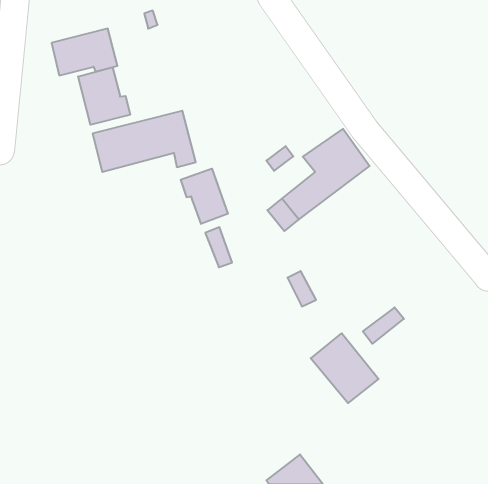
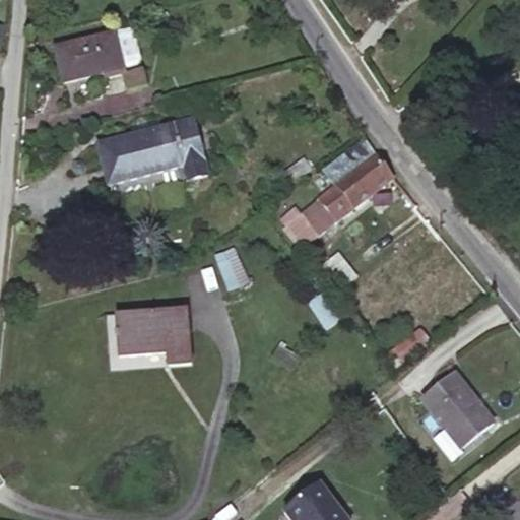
building: [78,67,130,125] -> none
building: [181,169,228,224] -> none
building: none -> [116,313,191,366]
building: [311,333,379,403] -> [421,372,494,446]

